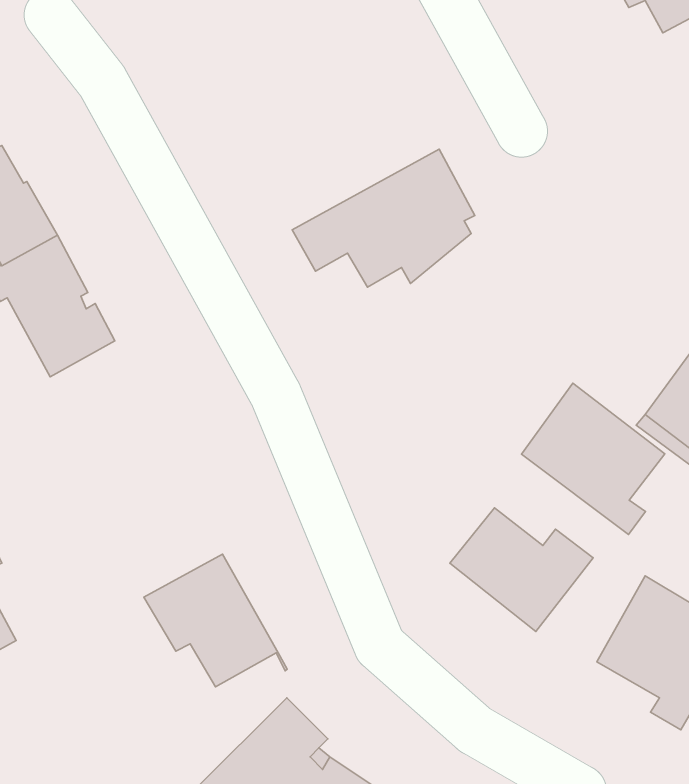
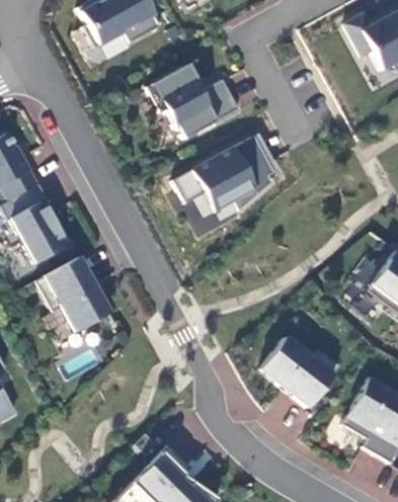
building: none -> [146,62,240,139]
building: [521,383,665,535] -> none
building: [144,554,287,687] -> [33,257,114,332]

